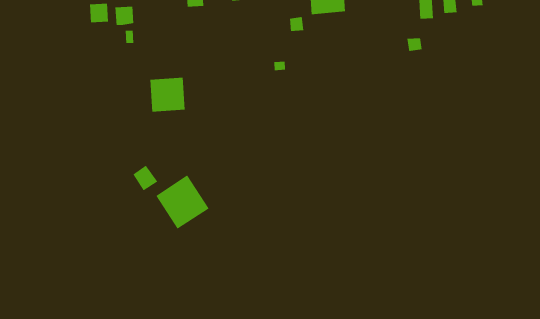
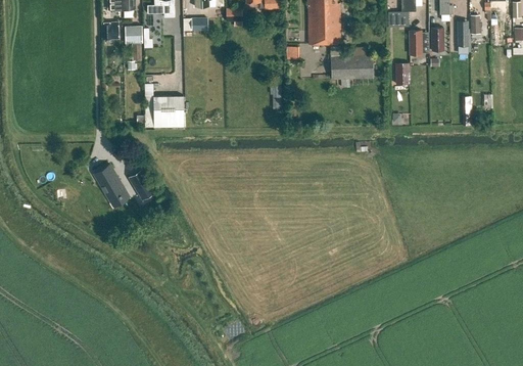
building: none -> [330,56,373,80]
building: none -> [94,165,127,200]
building: [155,175,209,229] -> none

